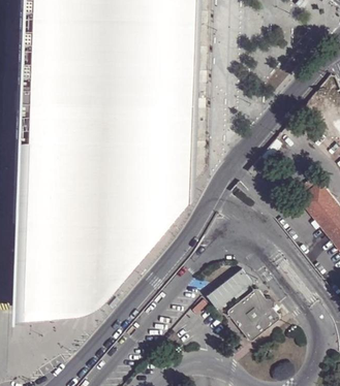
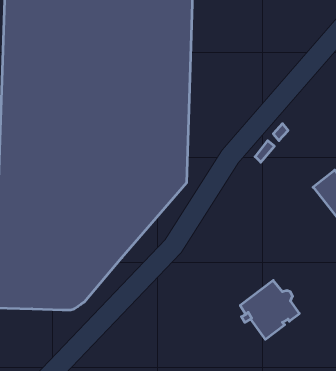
building: [205,270,253,313] -> none

